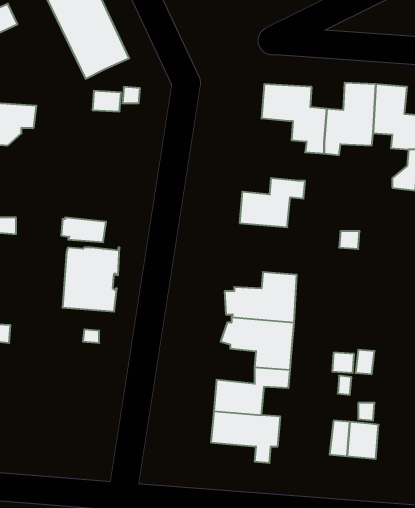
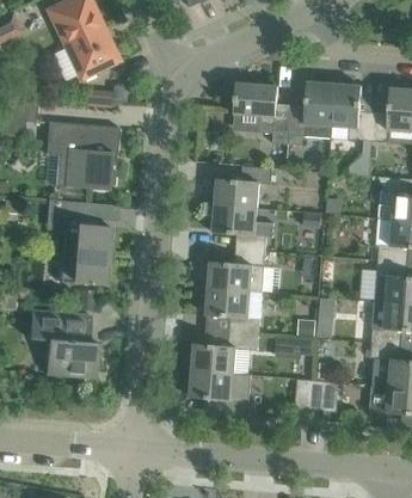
building: none -> [45,121,118,191]
building: none -> [213,205,273,251]
building: none -> [29,309,98,377]

